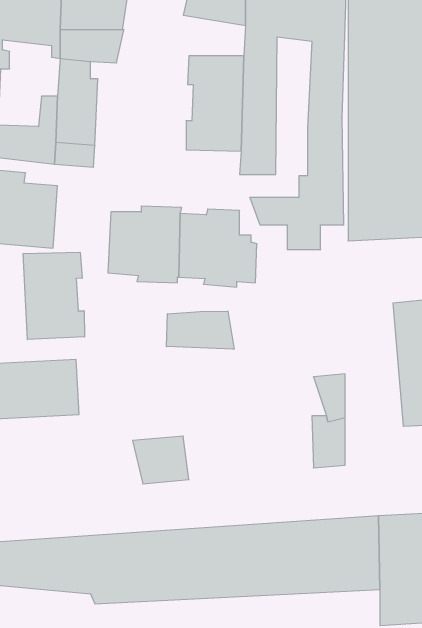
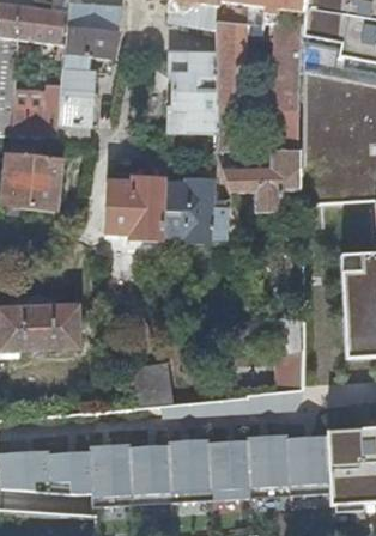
building: [23,252,85,340] -> none
building: [166,311,234,349] -> none

